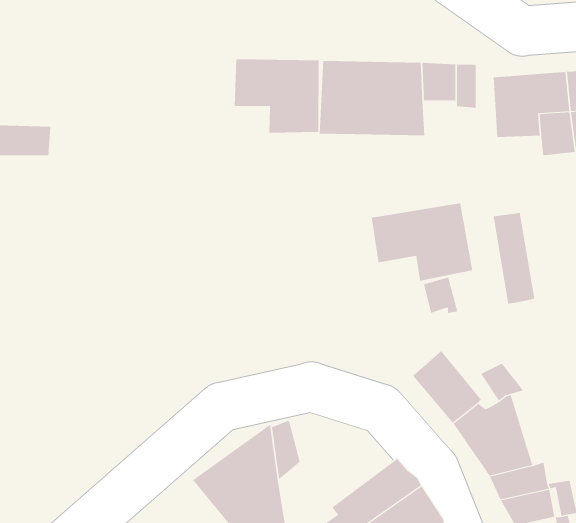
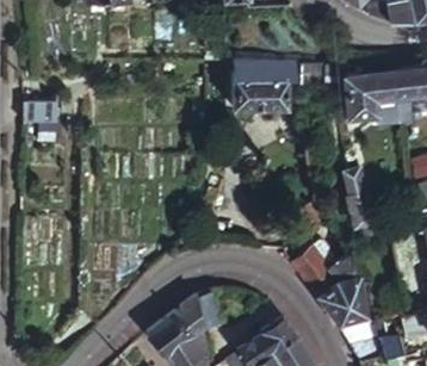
building: [234,58,319,133] -> none
building: [371,202,473,281] -> none

